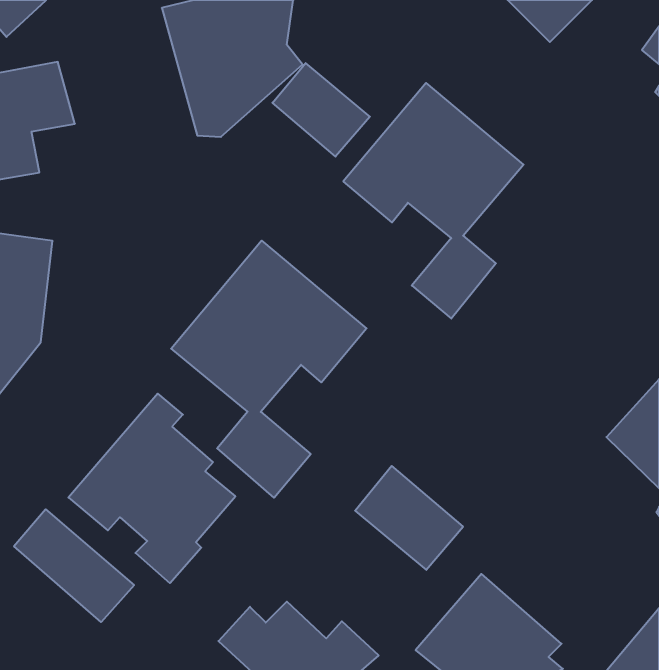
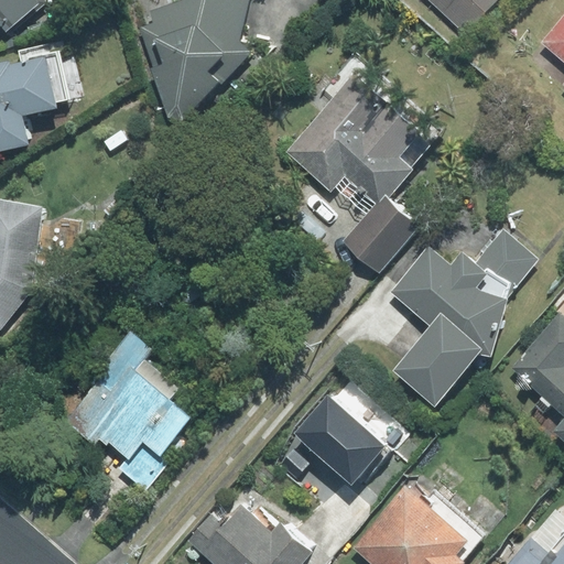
building: [272,63,370,157] -> none
building: [171,241,367,498] -> none
building: none -> [390,227,538,404]
building: [14,509,134,622] -> none

